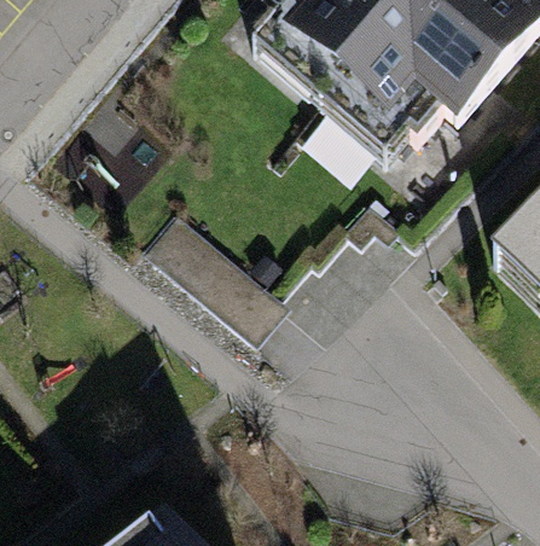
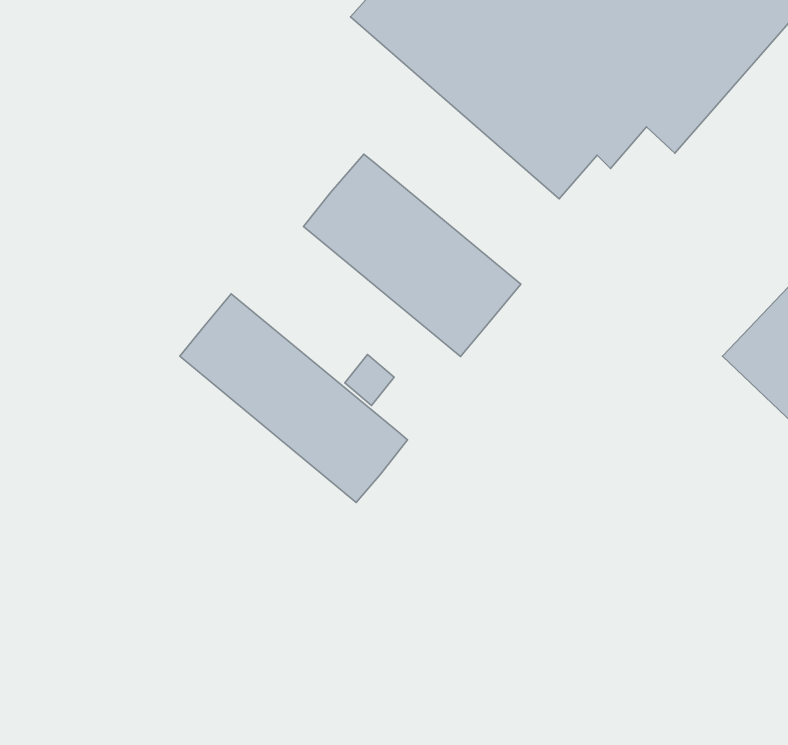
building: none -> [303,154,521,356]

